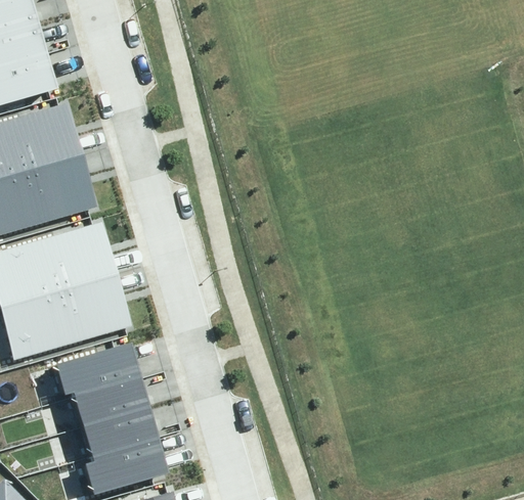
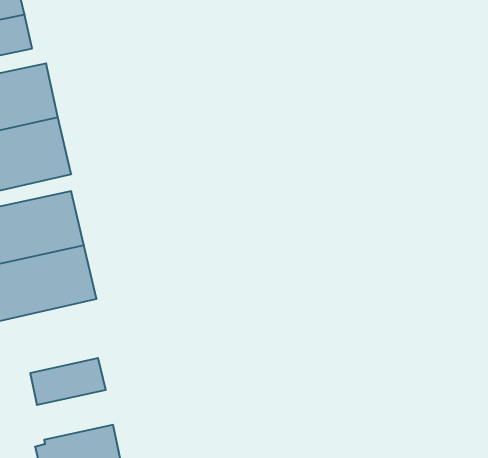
building: [51,345,135,398] -> none
building: [80,409,154,460] -> none

